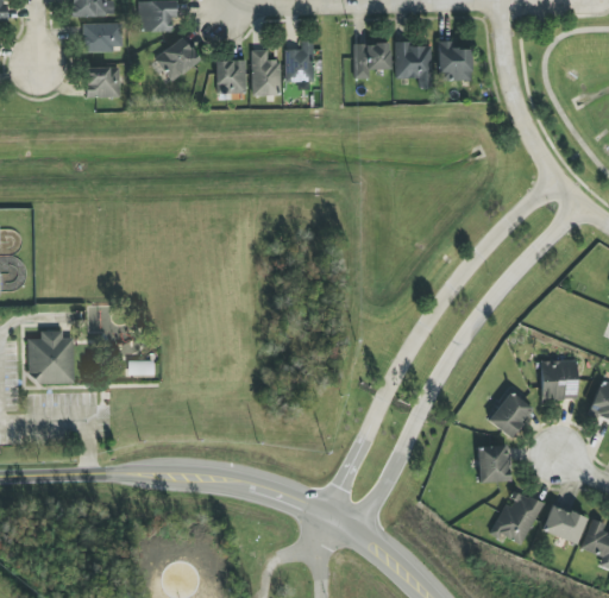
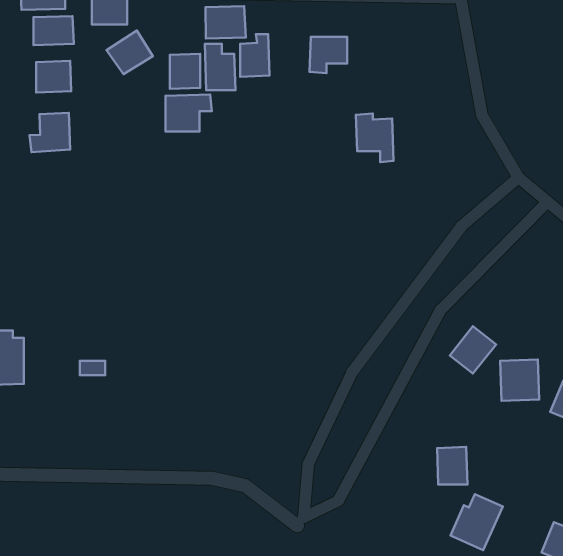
building: none -> [205,6,246,39]
building: [395,40,432,88] -> [356,113,393,162]
building: [438,40,471,80] -> none
building: none -> [166,95,212,132]
building: none -> [30,113,70,152]
building: [488,391,533,438] -> [450,326,496,374]
building: [542,504,586,543] -> none

